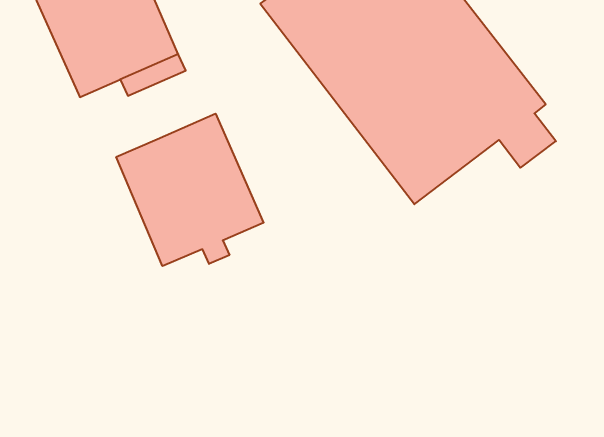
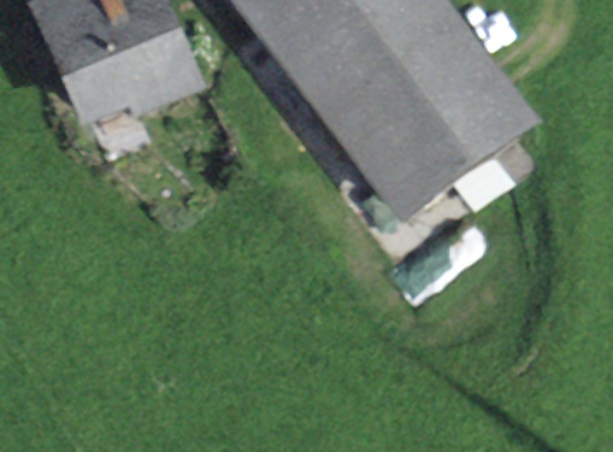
building: [116,114,264,266] -> none

